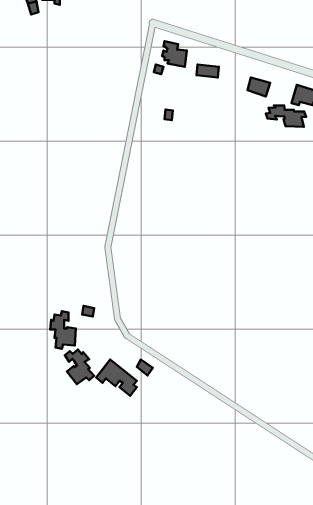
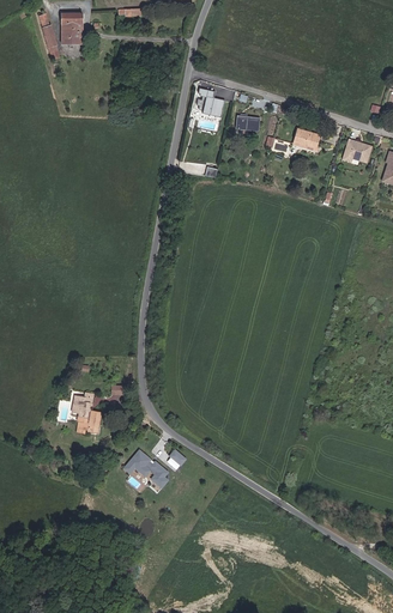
building: [266,106,306,127] -> none
building: [65,350,94,384] -> none

